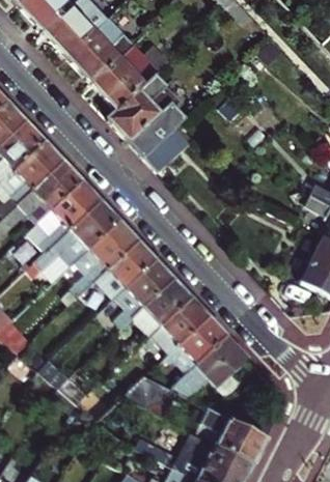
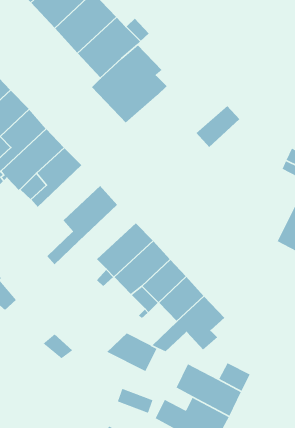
building: [144,127,191,172] -> [195,105,240,148]
building: [29,200,117,279] -> none
building: [95,242,155,299] -> none

